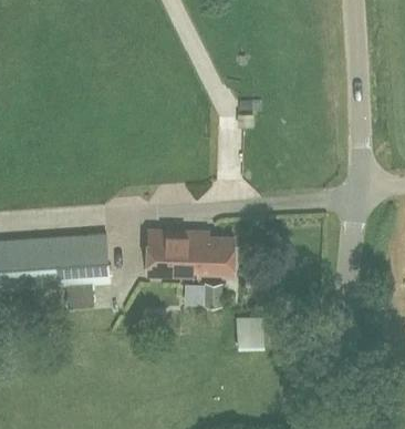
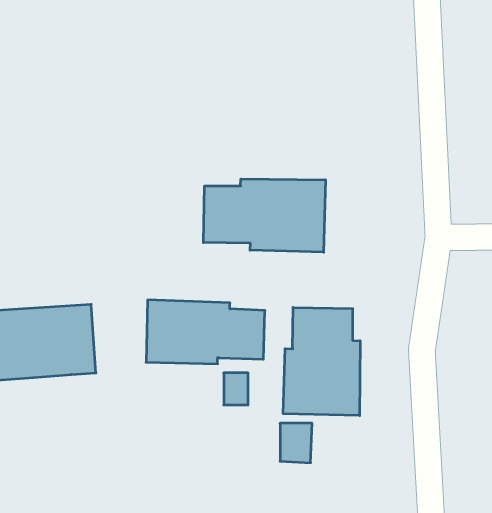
building: none -> [203,179,325,252]
building: none -> [283,307,360,416]

